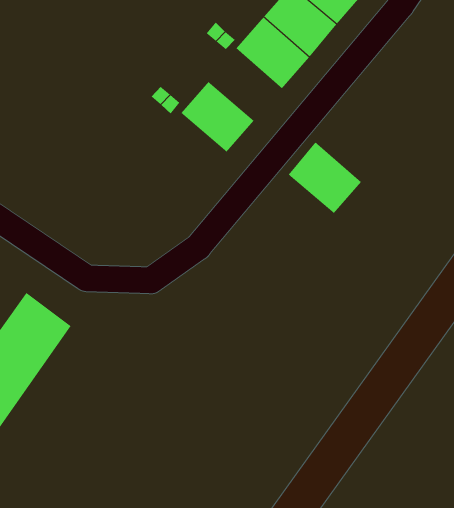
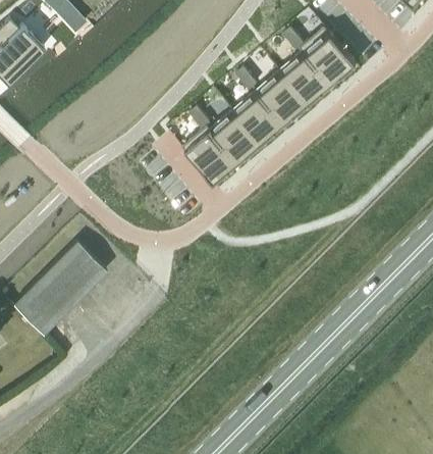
building: none -> [184,130,237,185]
building: [288,142,362,214] -> [232,90,284,144]

